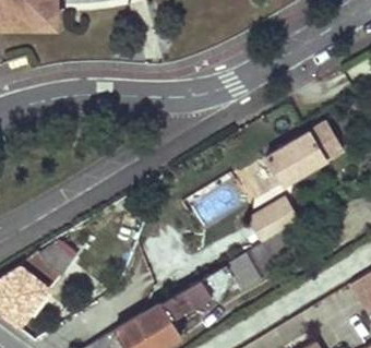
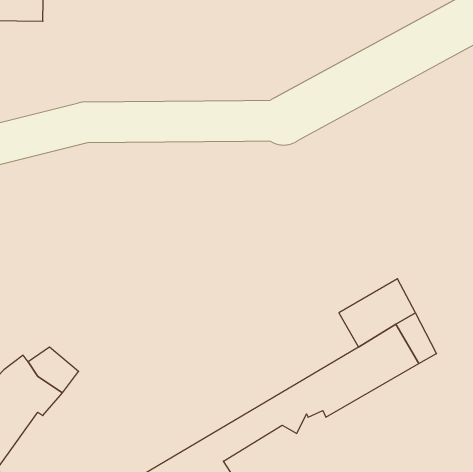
building: [271,134,332,190] -> none

